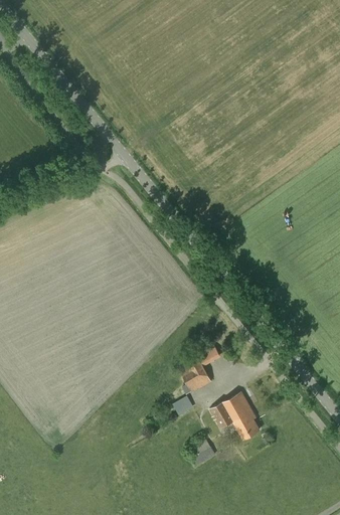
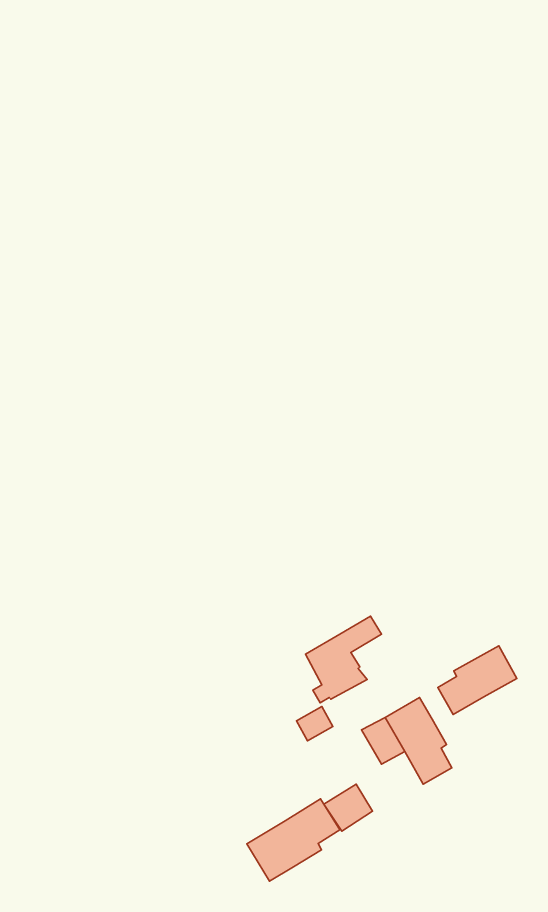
building: none -> [438,646,517,715]
building: none -> [247,799,340,881]

